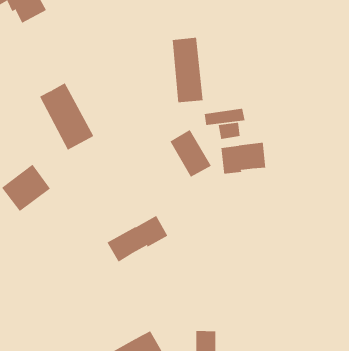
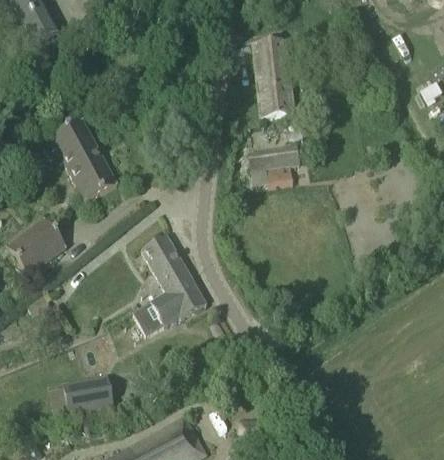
building: [172,37,203,103] -> [254,37,292,116]
building: [170,129,212,177] -> [141,233,192,291]
building: [221,142,266,175] -> none
building: none -> [64,376,112,414]

